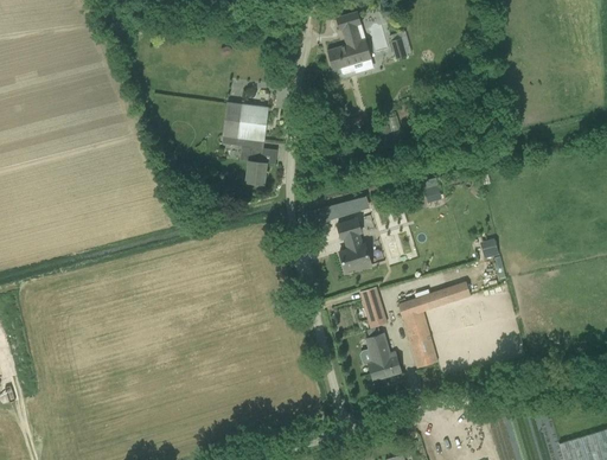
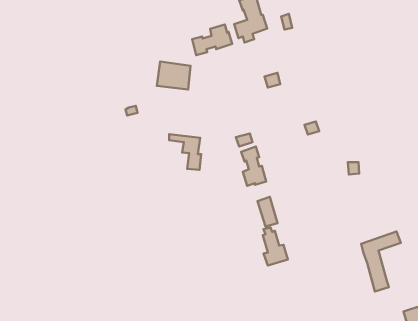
building: none -> [192,25,232,55]
building: [222,135,266,184] -> [169,134,201,170]
building: [398,286,453,368] -> [361,232,401,291]

